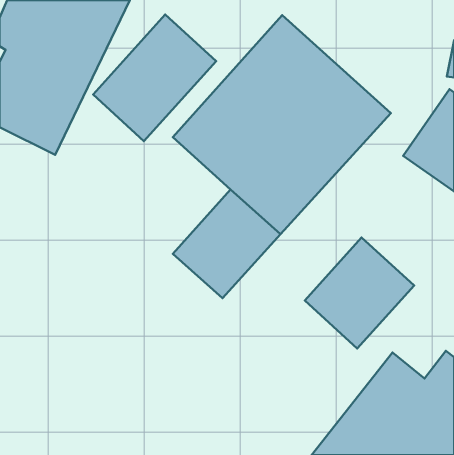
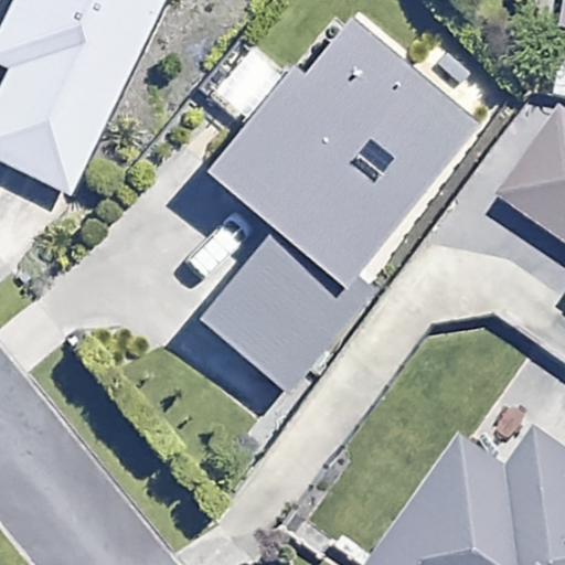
building: [93,15,216,141] -> none
building: [305,238,414,348] -> none

